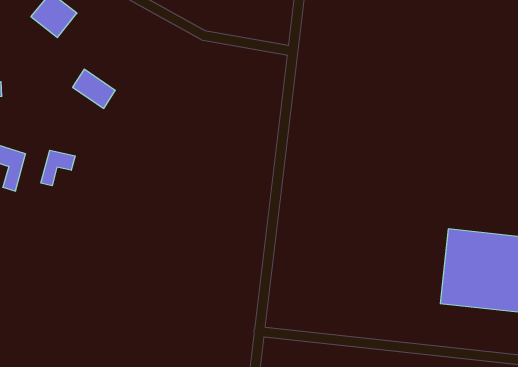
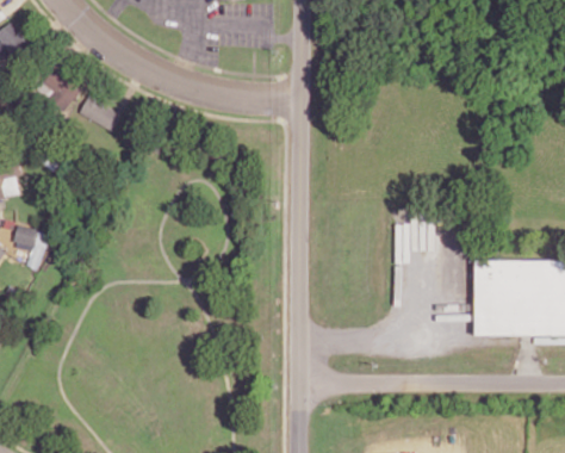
building: [73,69,115,108] -> [77,94,120,131]
building: [41,150,75,186] -> none

